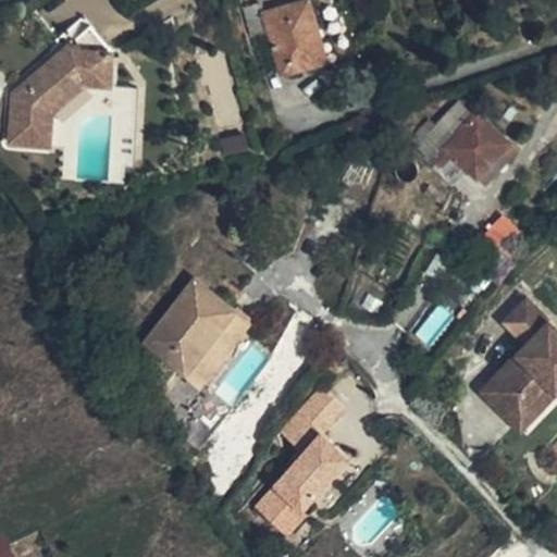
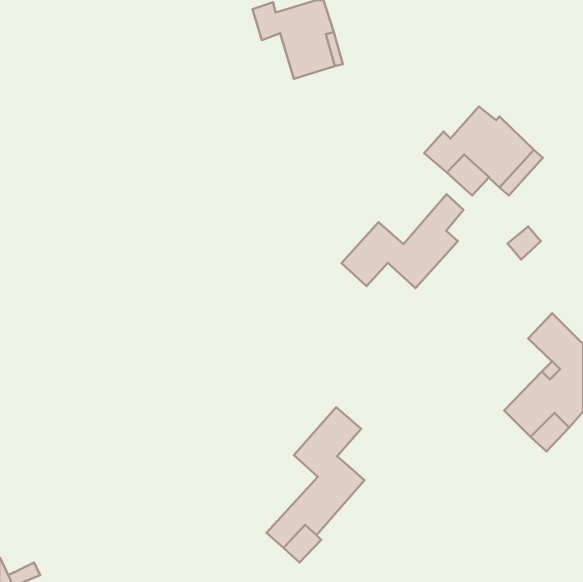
building: [9,26,112,147] -> none
building: none -> [341,194,464,288]
building: [145,281,250,387] -> none

